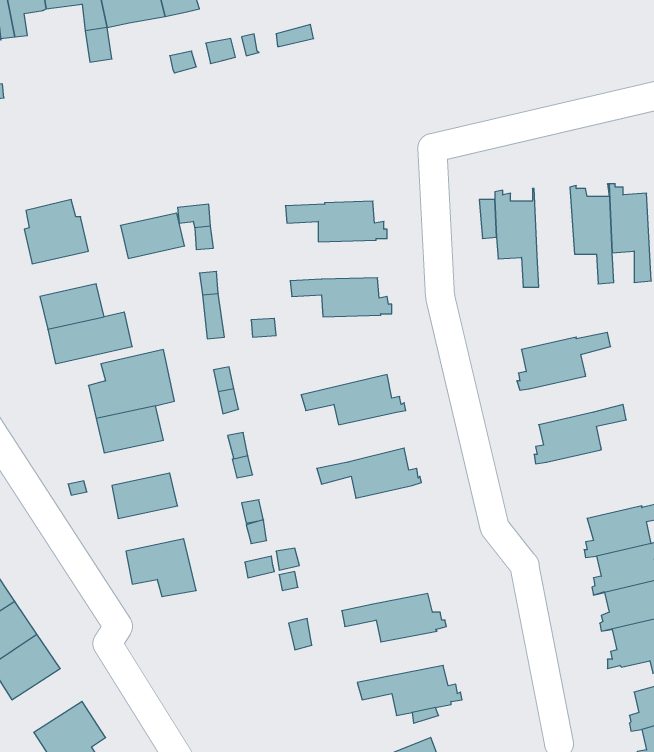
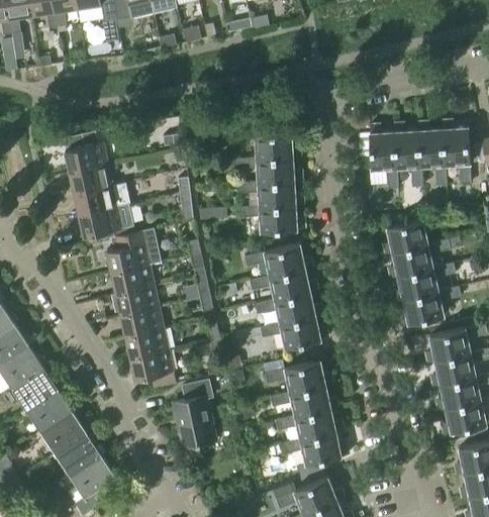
building: none -> [394,123,421,187]
building: [120,213,185,258] -> [70,165,111,194]
building: none -> [235,158,301,183]
building: none -> [239,206,303,232]
building: none -> [389,240,449,278]
building: none -> [249,269,316,301]
building: none -> [111,287,159,316]
building: none -> [399,288,460,325]
building: none -> [260,316,326,349]
building: none -> [125,329,168,358]
building: none -> [265,361,332,393]
building: none -> [174,381,215,447]
building: none -> [275,410,343,439]
building: none -> [57,434,102,476]

